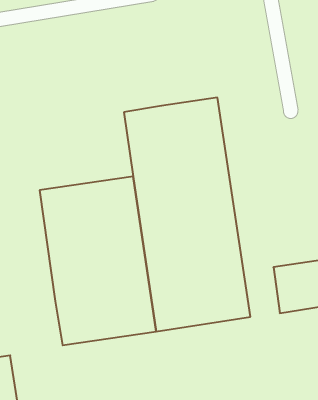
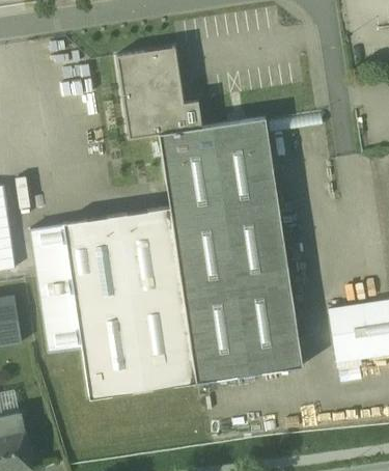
building: none -> [116,47,202,140]
building: none -> [31,223,82,354]

